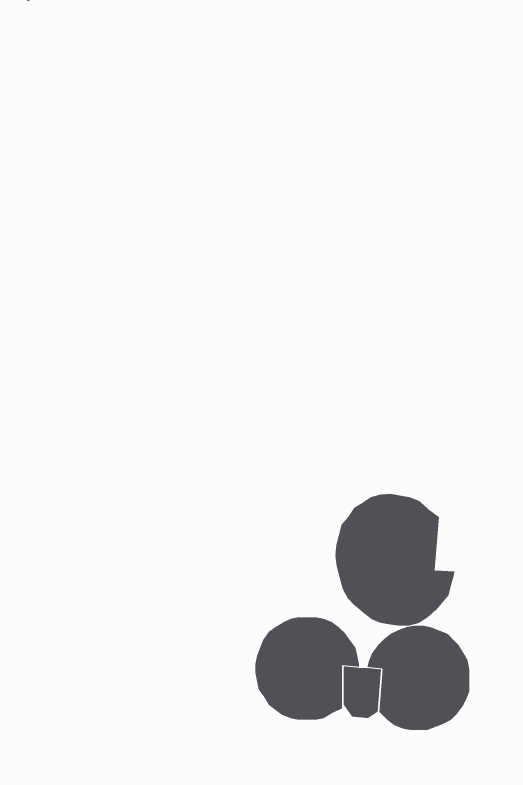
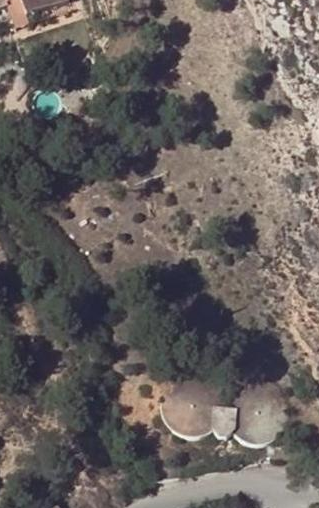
building: [335,493,455,627] -> none

